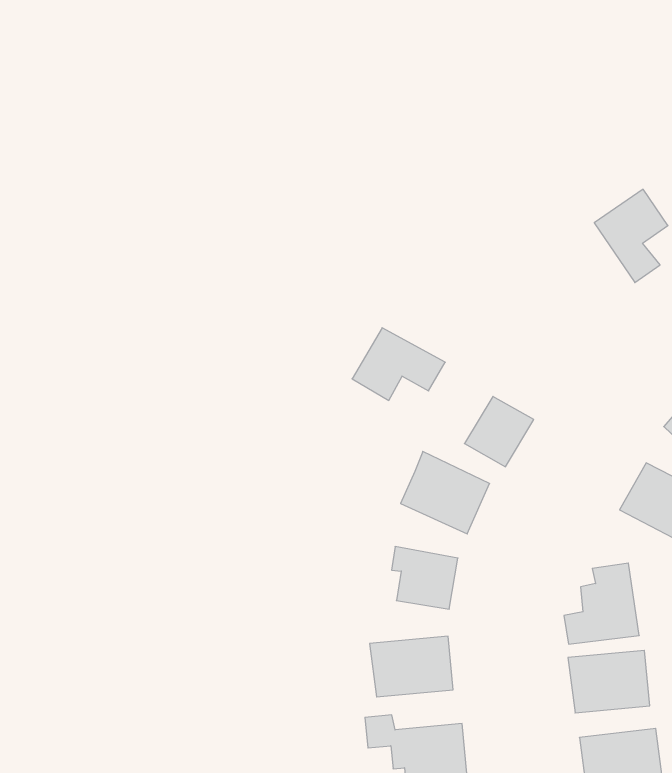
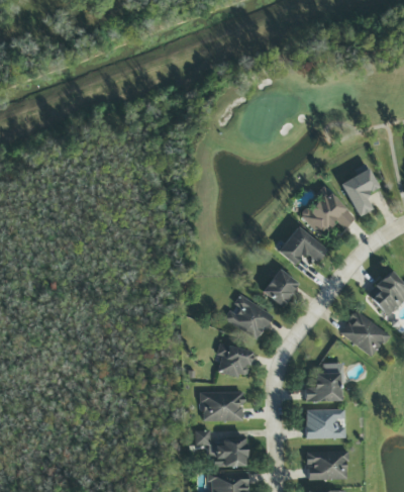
building: none -> [299,187,356,237]
building: [352,328,445,400] -> [278,226,327,265]

